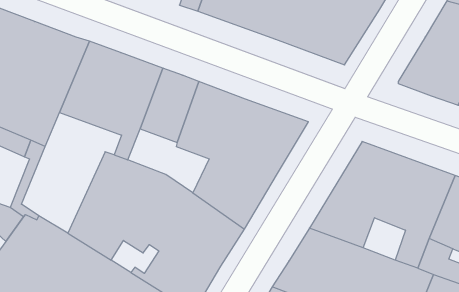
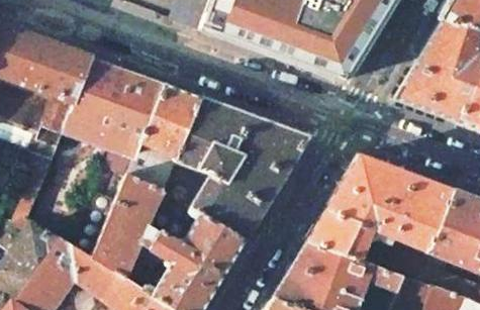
building: none -> [131,143,180,188]

